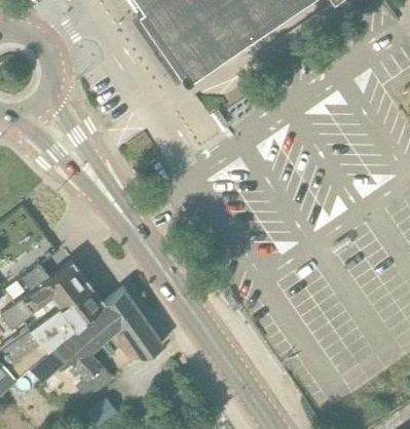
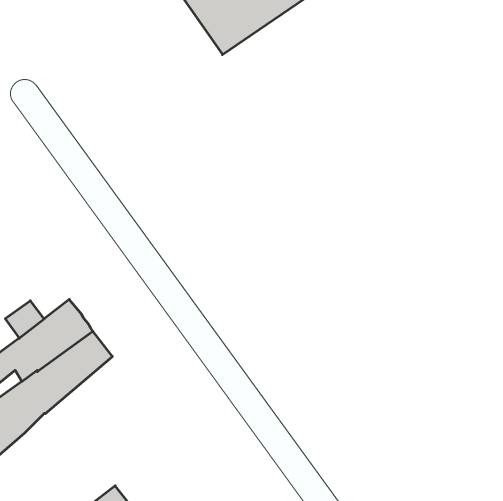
building: [57,290,164,394] -> none

